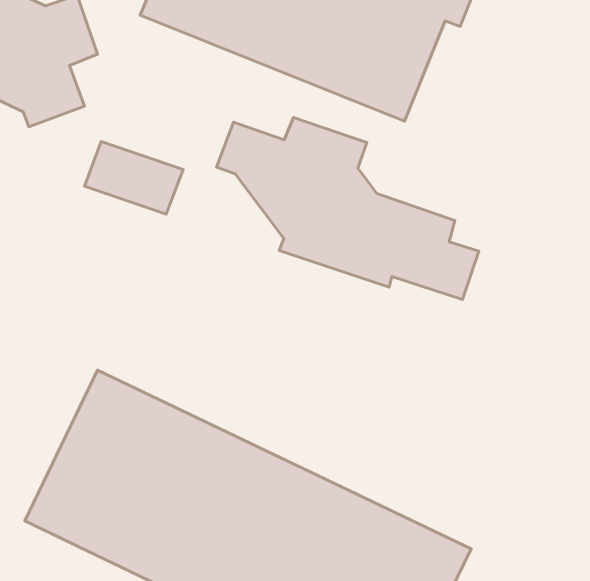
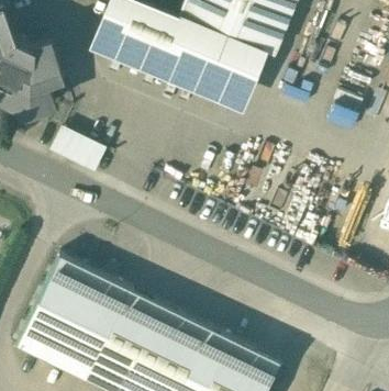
building: [217,118,479,300] -> none

